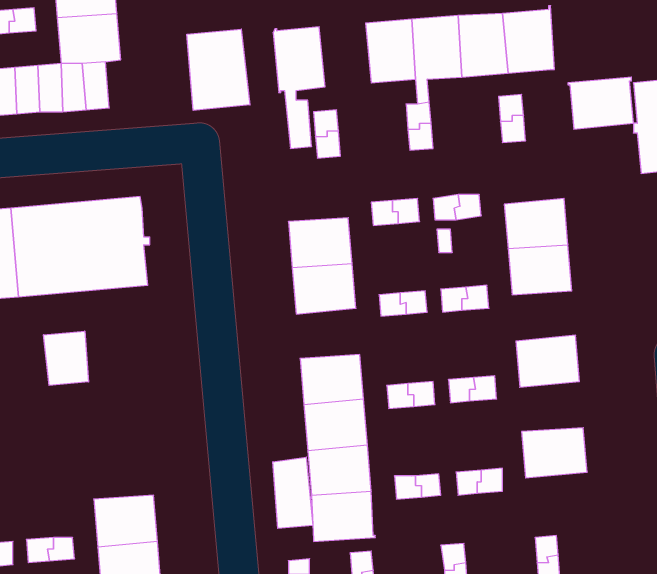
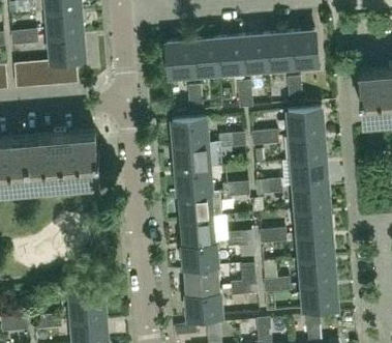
building: none -> [190,38,218,73]
building: [187,29,250,110] -> none
building: [568,77,633,129] -> [287,108,322,136]
building: none -> [171,118,206,145]
building: none -> [294,182,328,209]
building: none -> [178,192,212,219]
building: [44,331,89,385] -> none
building: none -> [298,231,332,258]
building: [273,457,313,528] -> none
building: none -> [301,280,336,308]

